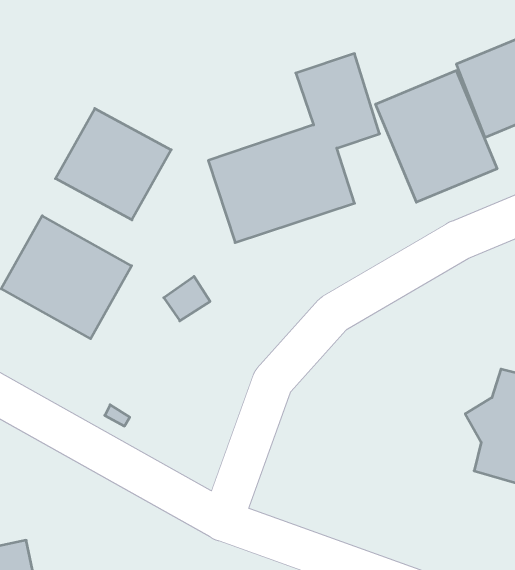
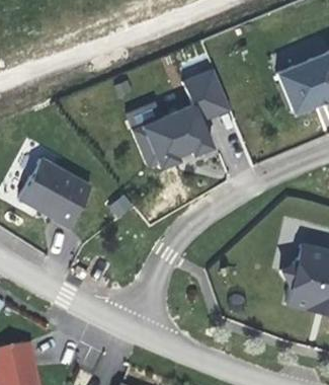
building: [376,71,497,202] -> none
building: [55,108,171,220] -> none

